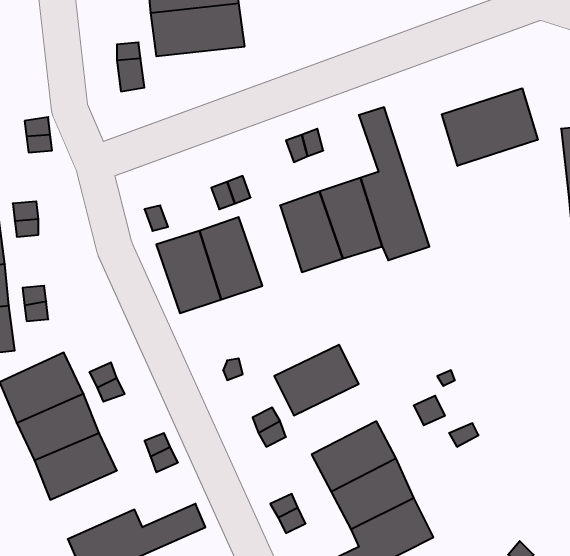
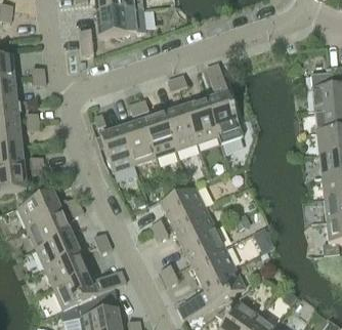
building: [442,88,538,166] -> none
building: none -> [143,114,176,156]
building: none -> [172,207,215,244]
building: none -> [45,252,89,288]

